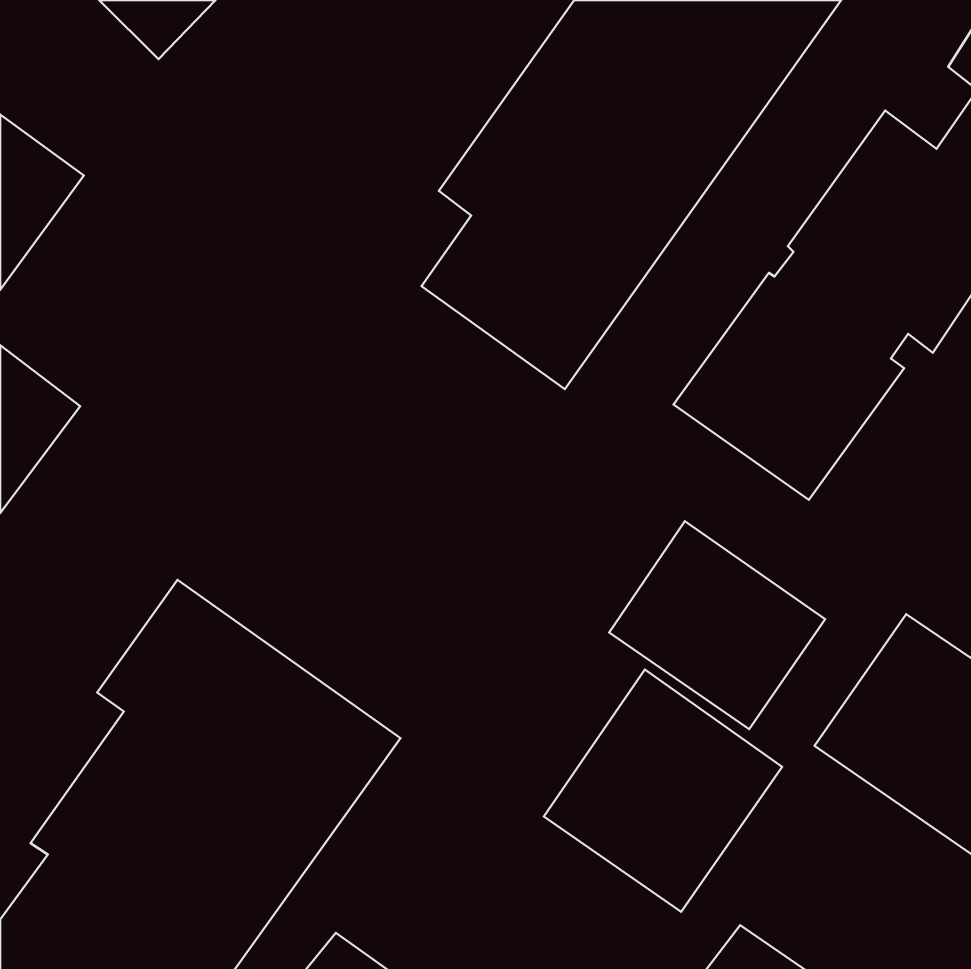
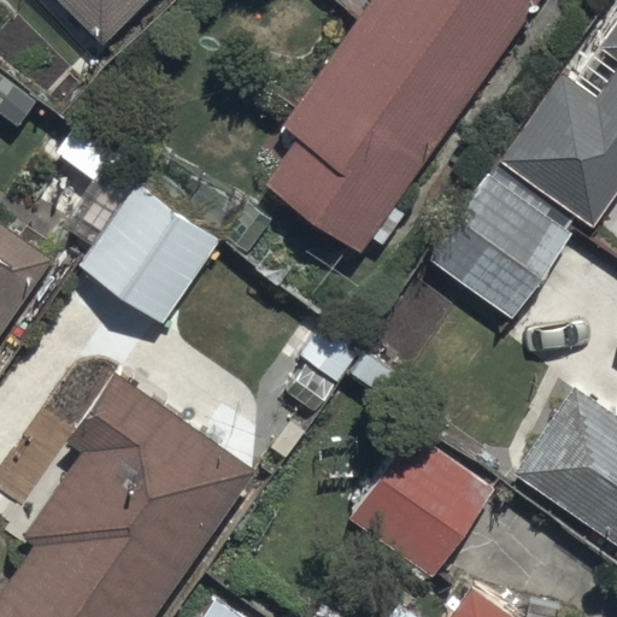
building: none -> [59,160,223,328]
building: [609,521,825,729] -> none

